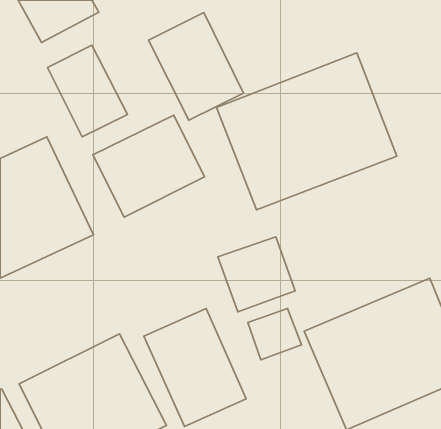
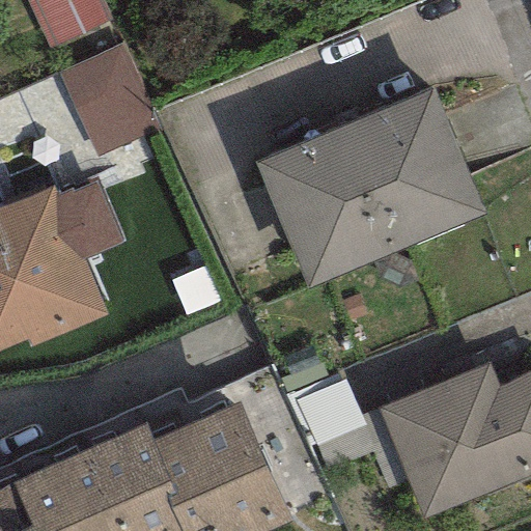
building: [149,13,244,120] -> none
building: [93,115,204,217] -> none
building: [218,237,295,312] -> none

